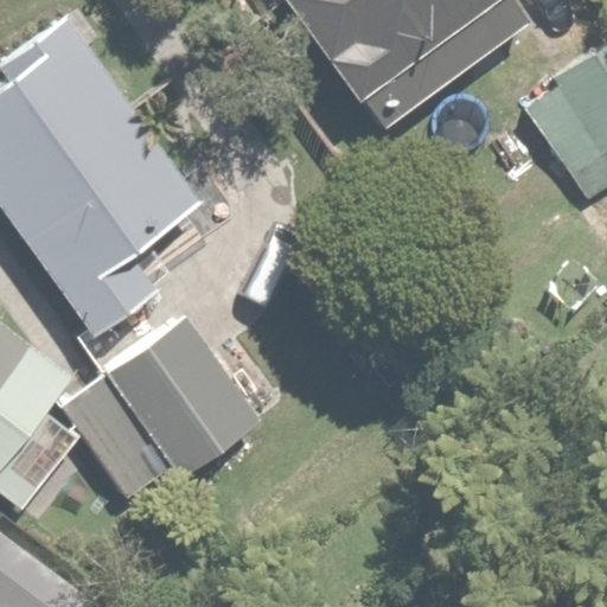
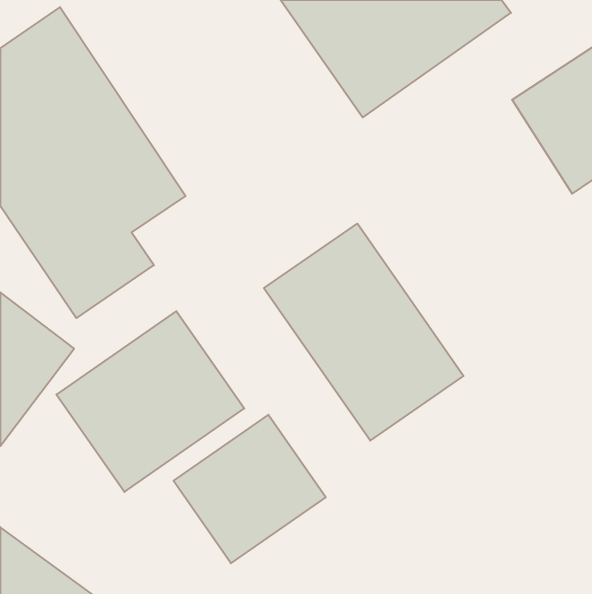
building: none -> [264,224,464,441]
building: none -> [174,415,326,563]

